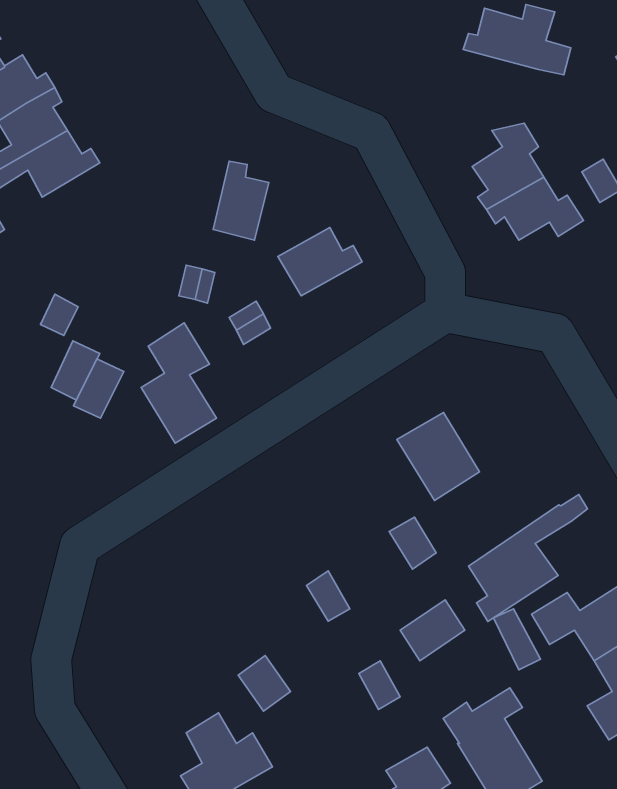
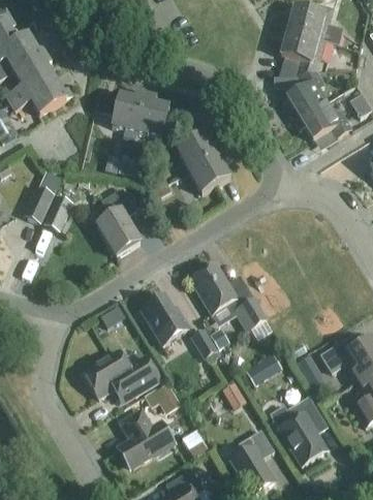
building: none -> [280,30,325,76]
building: none -> [112,91,148,133]
building: none -> [189,152,230,194]
building: [74,359,124,418] -> [26,188,55,222]
building: [397,412,480,501] -> [190,264,238,315]
building: [469,495,587,621] -> none
building: none -> [142,295,190,345]
building: none -> [84,350,160,399]

